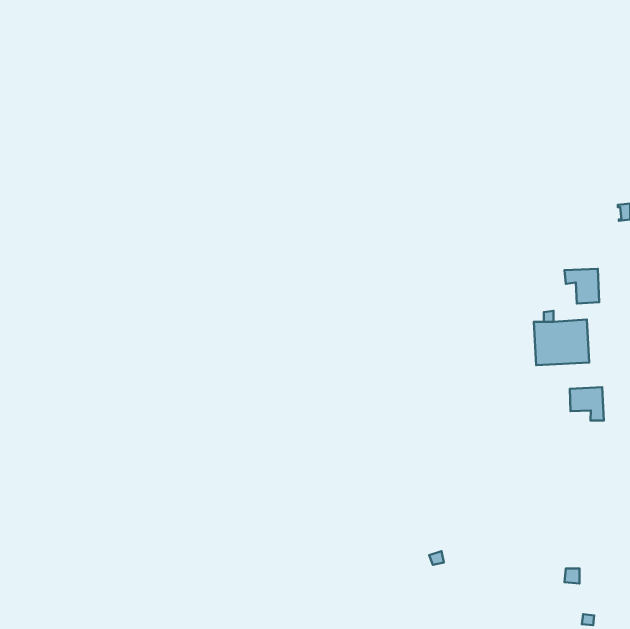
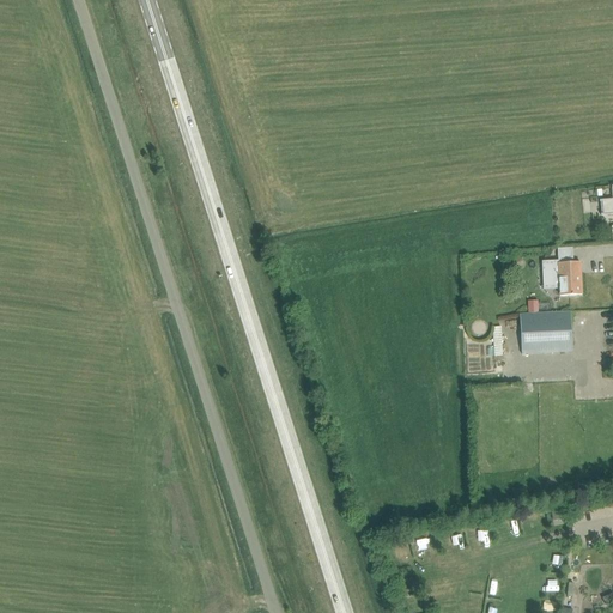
building: [570,387,604,421] -> none

